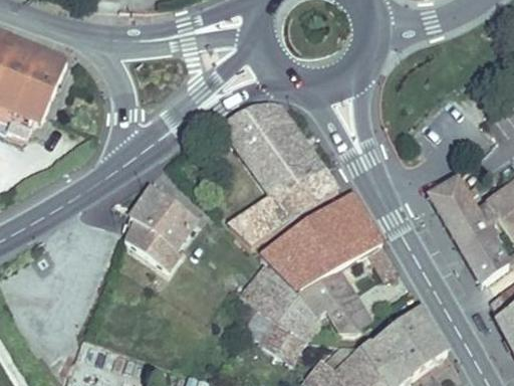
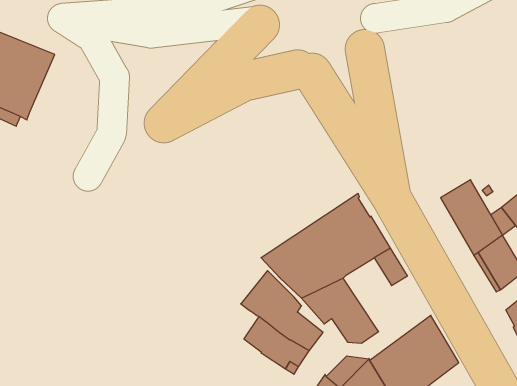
building: [222,102,338,246] -> none
building: [124,185,196,267] -> none

